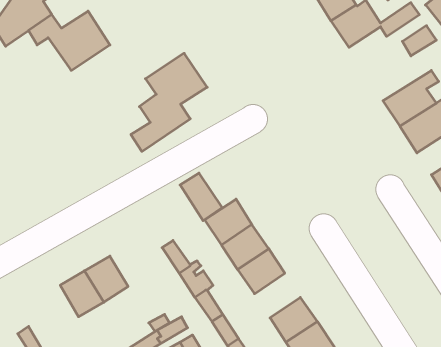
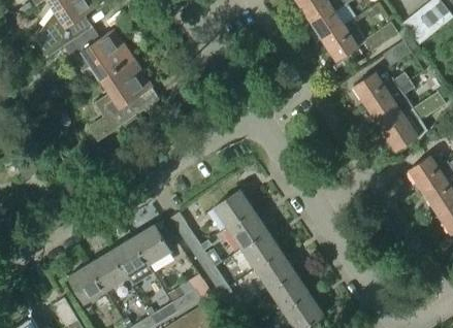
building: [131,53,207,151] -> [88,59,153,142]
building: none -> [352,73,407,106]
building: [180,173,222,221] -> none
building: none -> [133,225,170,264]
building: none -> [256,253,295,291]
building: none -> [68,263,106,303]

